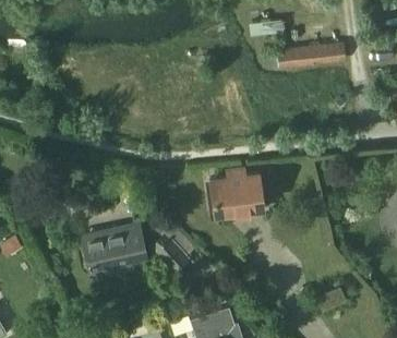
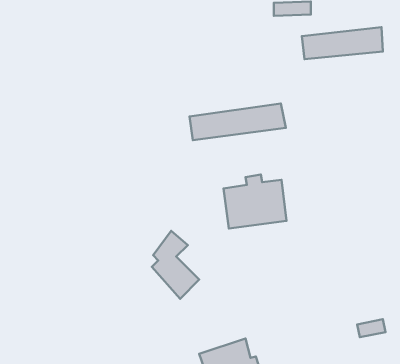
building: none -> [190,103,286,140]
building: [83,228,144,275] -> none

